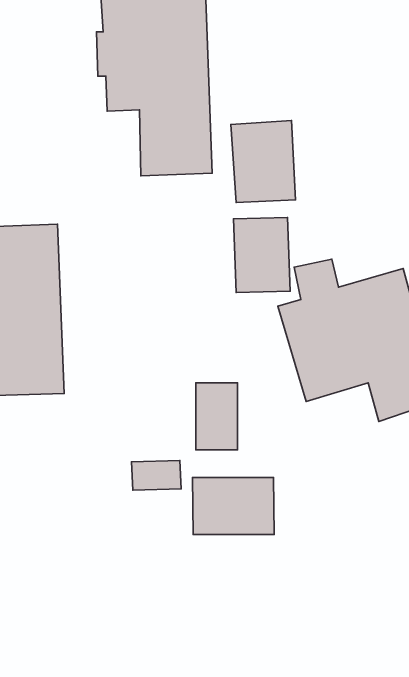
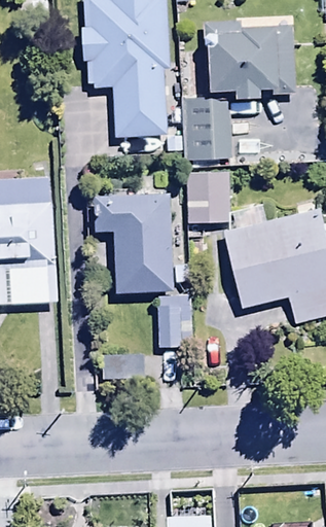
building: none -> [205,21,292,99]
building: none -> [94,192,173,290]
building: [192,477,274,535] -> none

